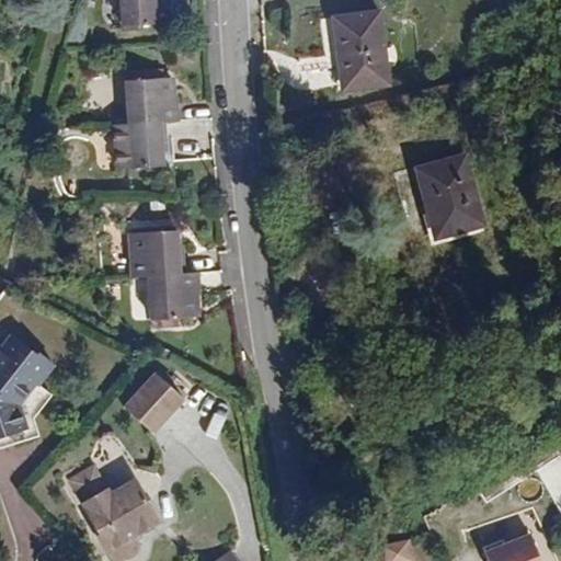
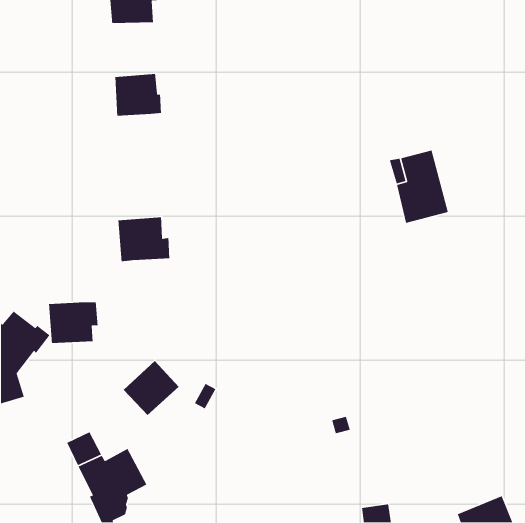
building: [332,15,387,91] -> none
building: [112,122,164,170] -> none
building: [144,275,197,320] -> [48,301,99,344]

